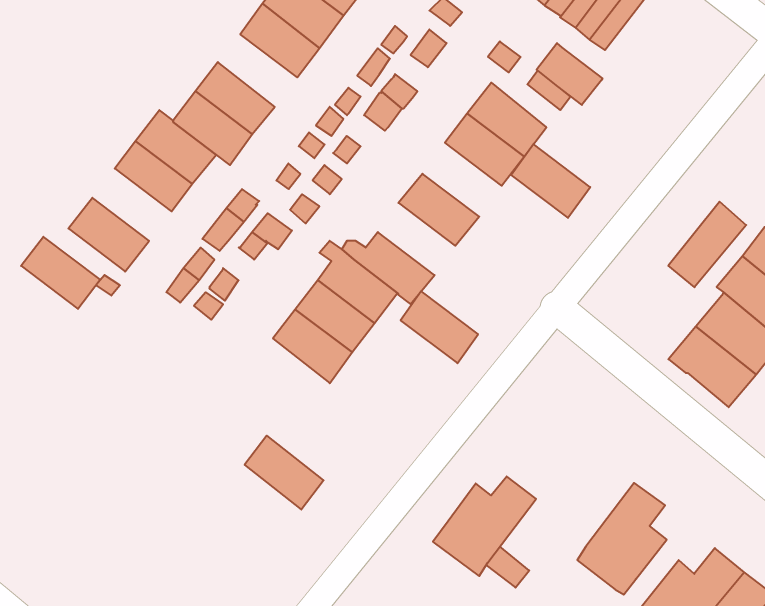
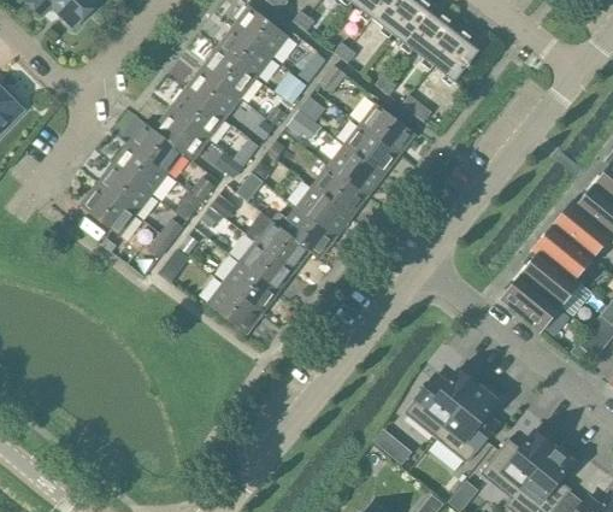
building: none -> [184,69,240,119]
building: [537,43,602,105] -> none
building: [511,144,590,218] -> [328,145,383,196]
building: [668,202,746,287] -> none
building: [21,237,100,309] -> [96,163,152,213]
building: [401,291,478,363] -> [296,187,350,237]
building: [245,436,324,510] -> [207,282,263,334]
building: [433,476,536,576] -> [403,367,476,437]

